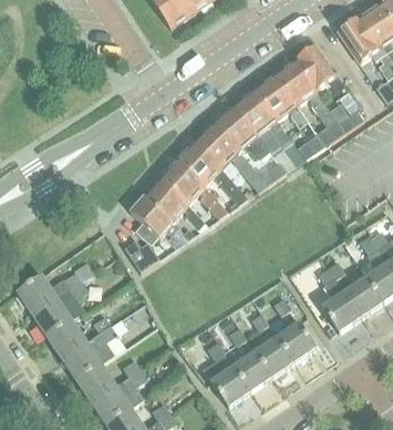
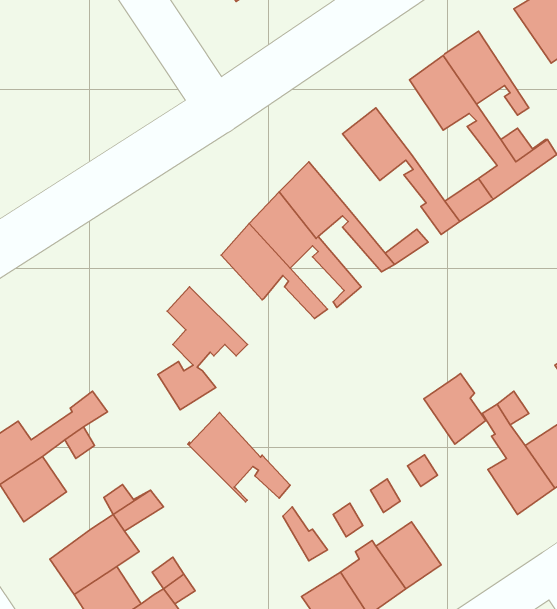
building: [255,73,307,126] -> none
building: [215,105,269,155] -> none
building: [144,177,205,231] -> [188,412,290,502]
building: none -> [424,373,486,444]
building: [45,318,85,358] -> none
building: [276,320,317,361] -> none

